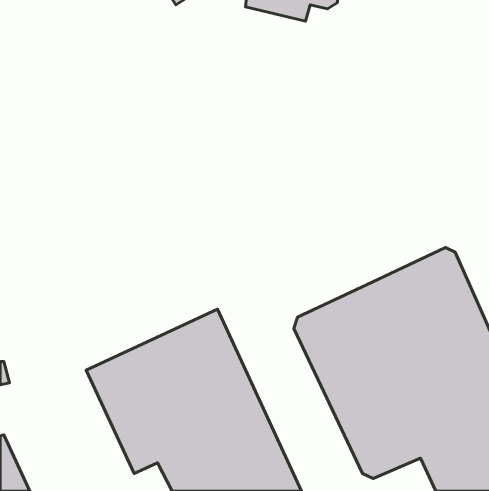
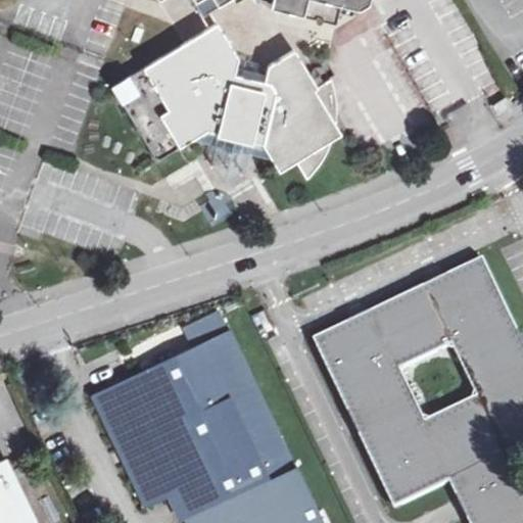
building: none -> [111,26,332,180]

